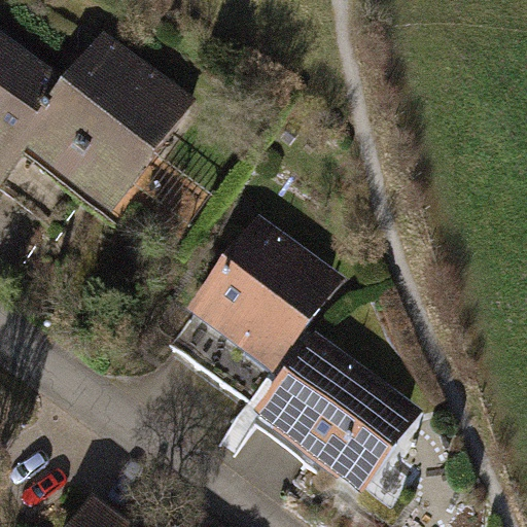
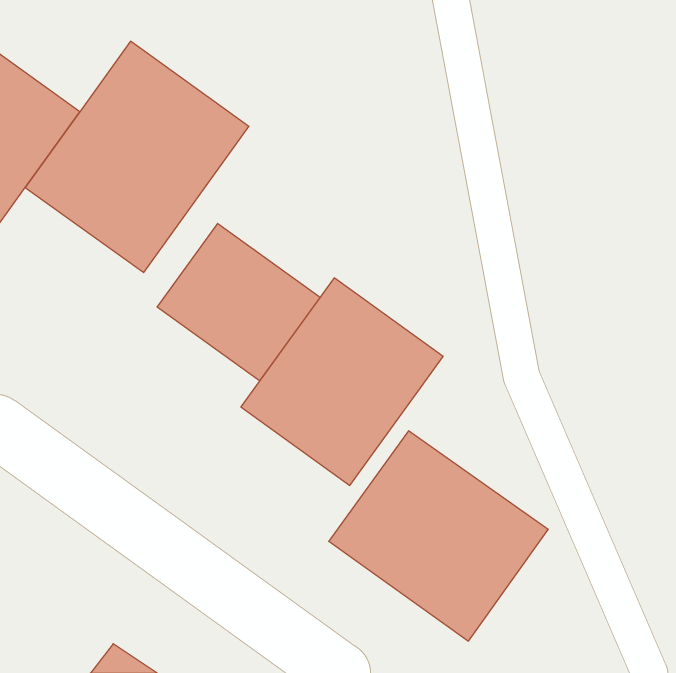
building: none -> [157,223,320,381]

